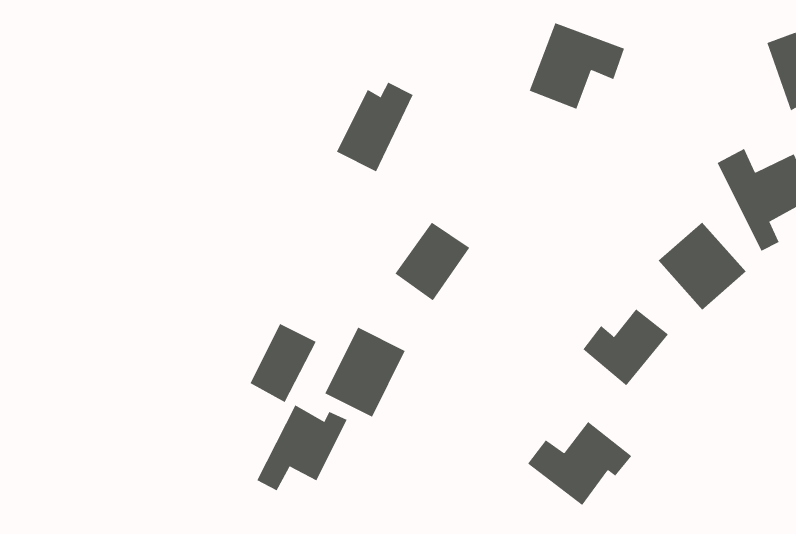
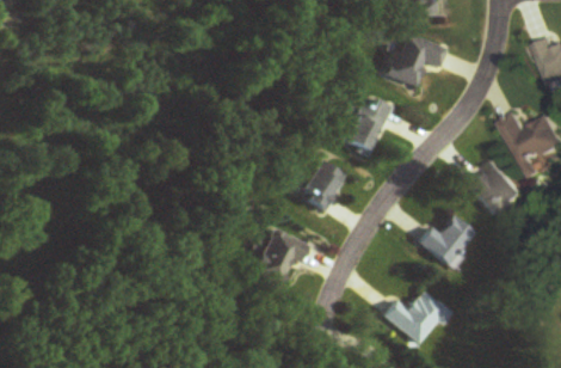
building: [336,82,413,172] -> [338,98,388,157]
building: [250,323,317,403] -> none
building: [256,405,347,491] -> none

